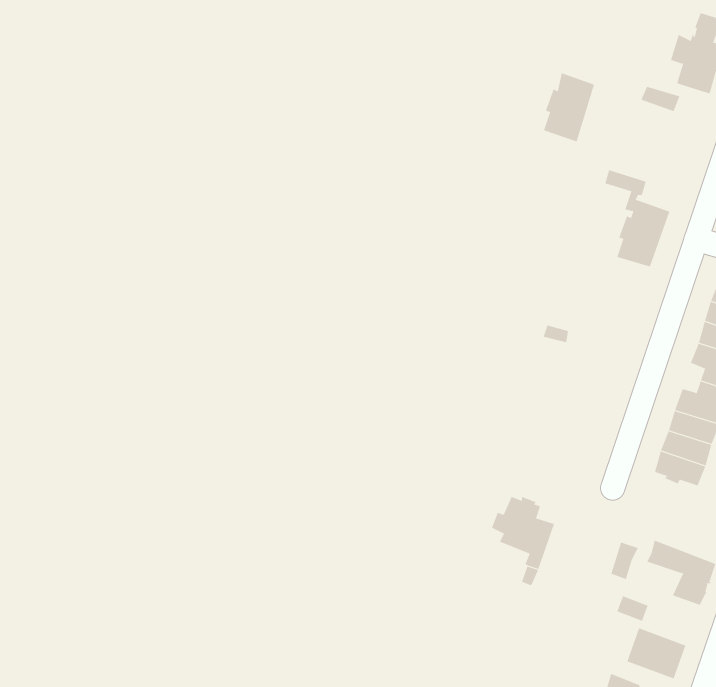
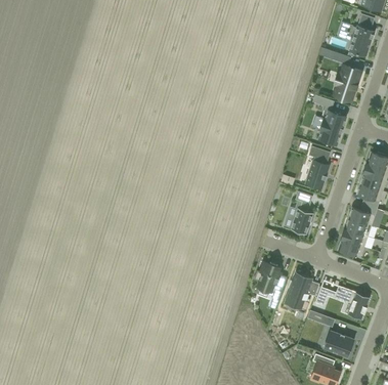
building: [543,73,595,142] -> [334,66,360,101]
building: none -> [305,147,330,189]
building: none -> [290,191,313,234]
building: none -> [285,273,319,308]

